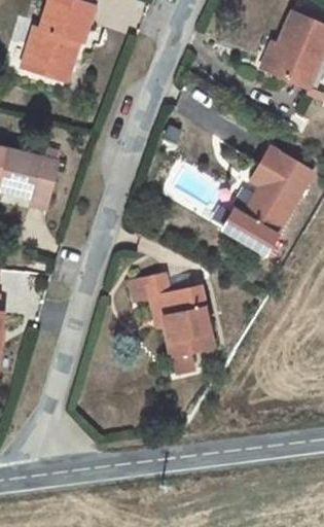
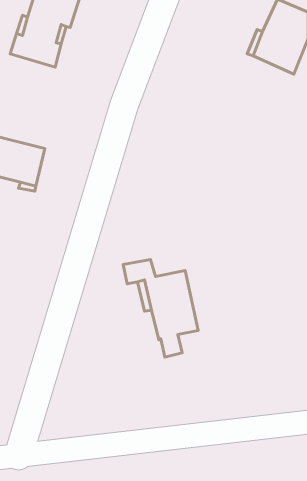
building: [223,146,313,252] -> none

